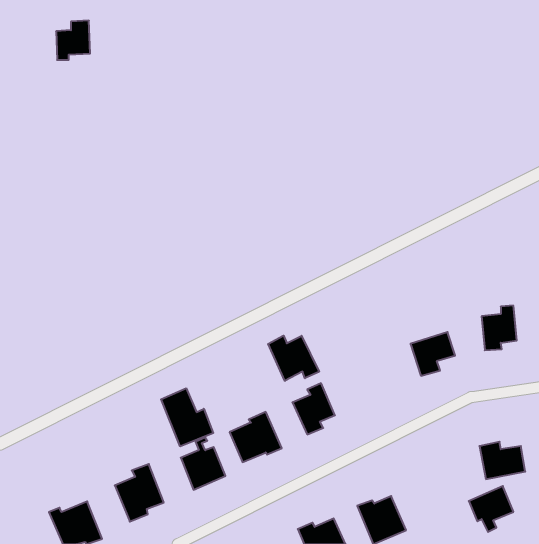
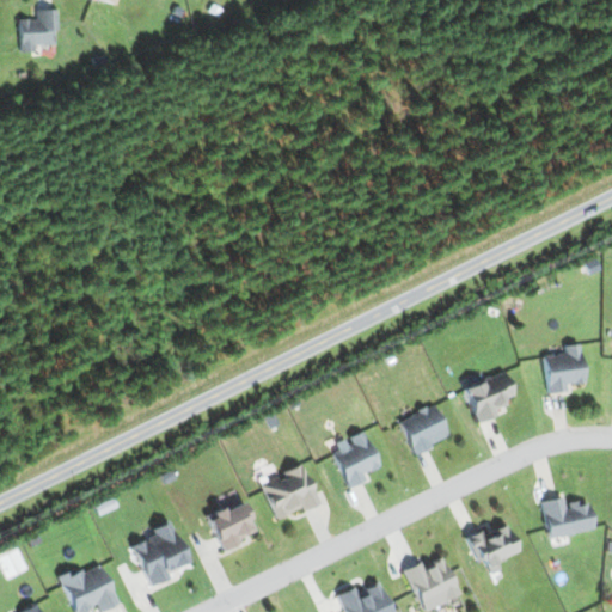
building: [56,21,90,60] -> [22,7,60,51]
building: [268,336,319,381] -> none
building: none -> [400,404,451,453]
building: [161,388,213,446] -> none
building: [469,486,513,532] -> [470,522,520,574]

